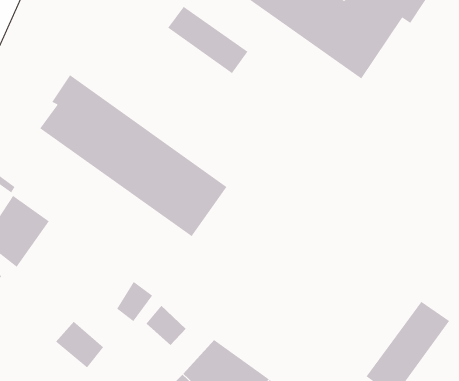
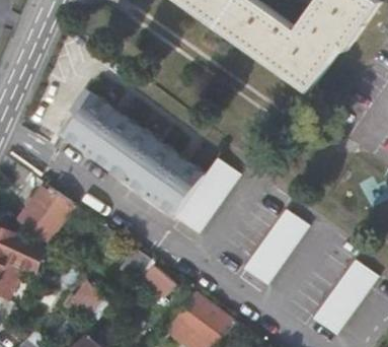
building: [167,6,248,74] -> none
building: none -> [176,159,240,234]
building: none -> [240,213,305,287]

